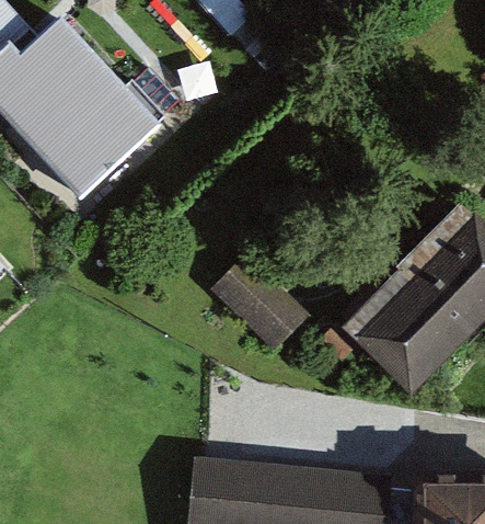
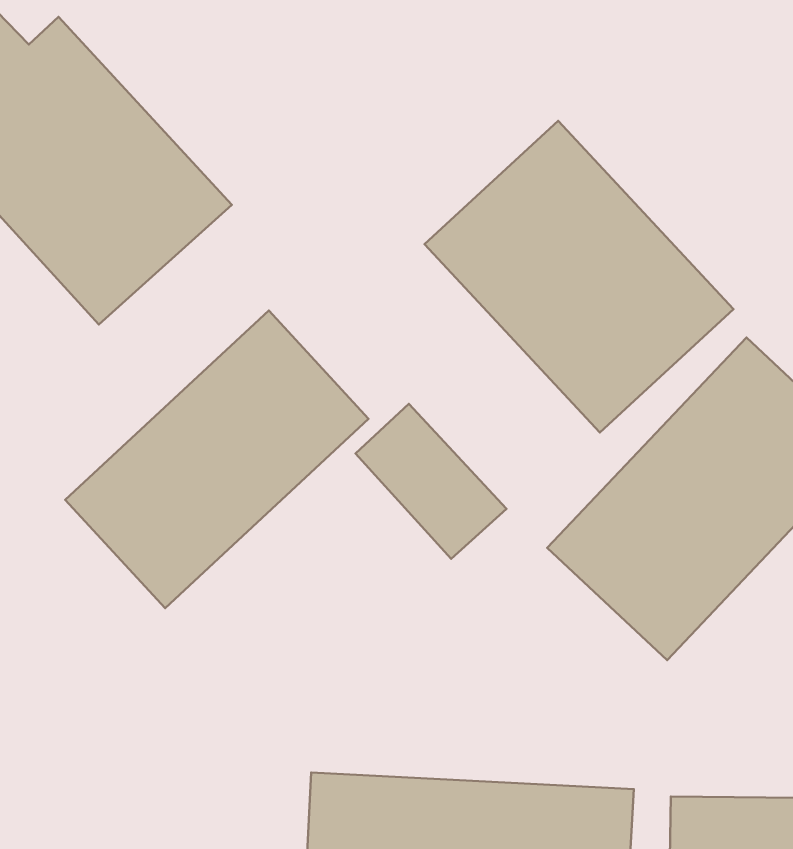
building: none -> [424,121,734,433]
building: none -> [65,311,369,608]

